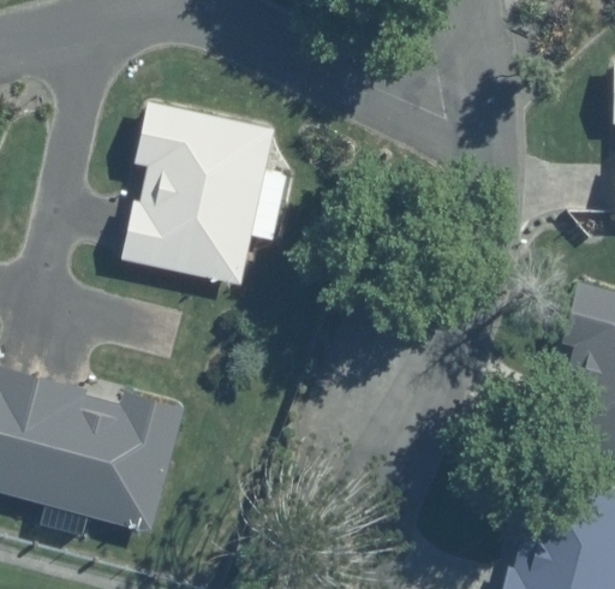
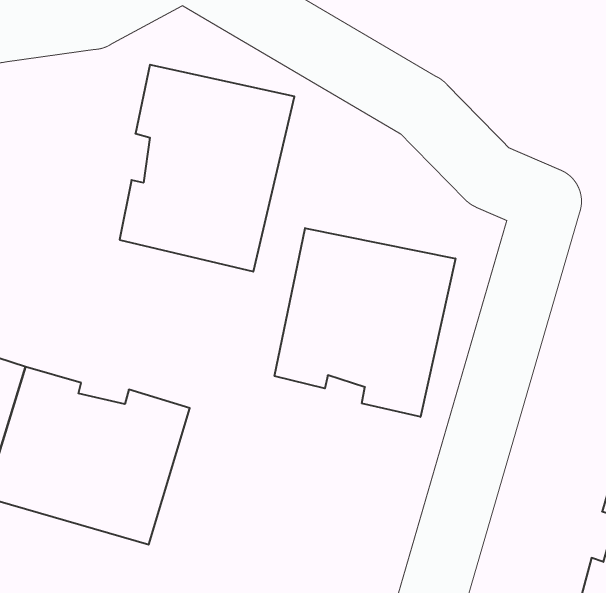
building: none -> [275,228,455,417]

